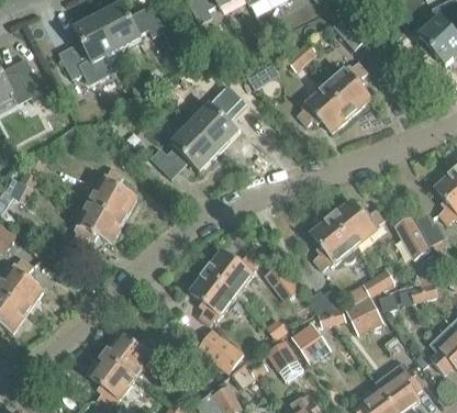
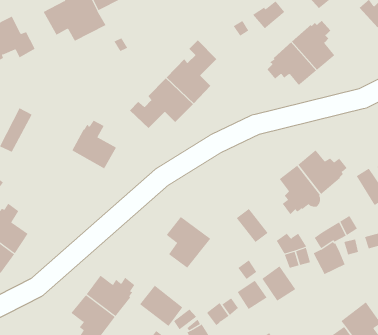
building: [71,201,123,245] -> none
building: [204,250,257,295] -> none
building: [196,328,243,373] -> [139,285,183,327]

